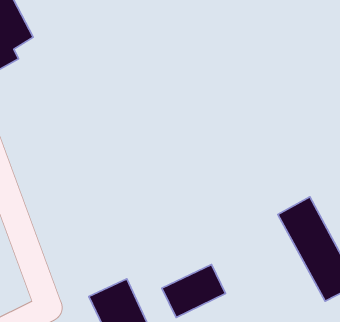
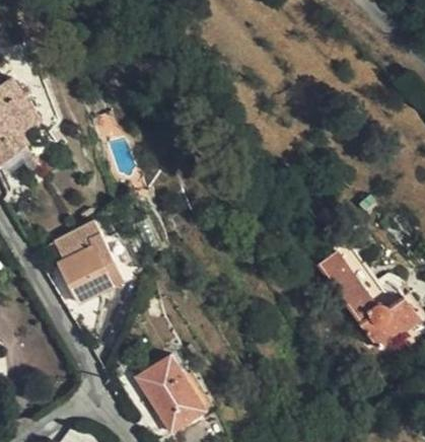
building: none -> [52,220,123,303]
building: [162,264,225,317] -> none

